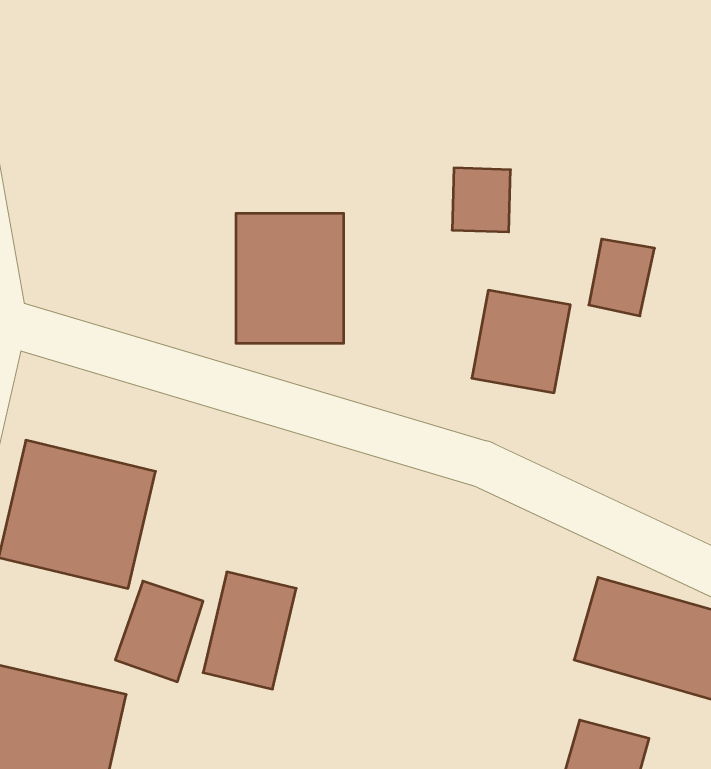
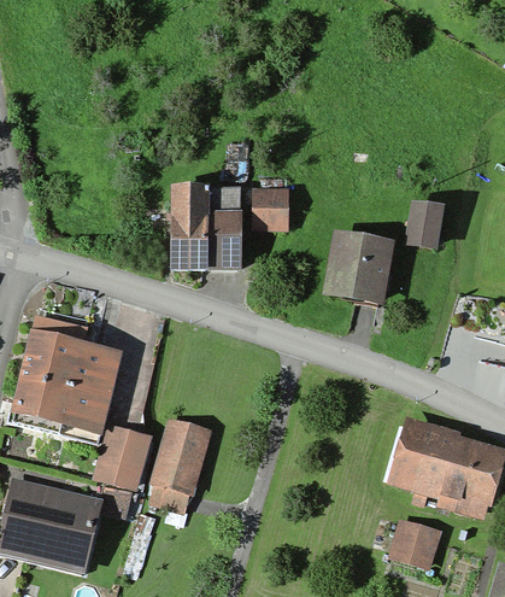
building: [452,168,511,232] -> [252,189,290,232]

